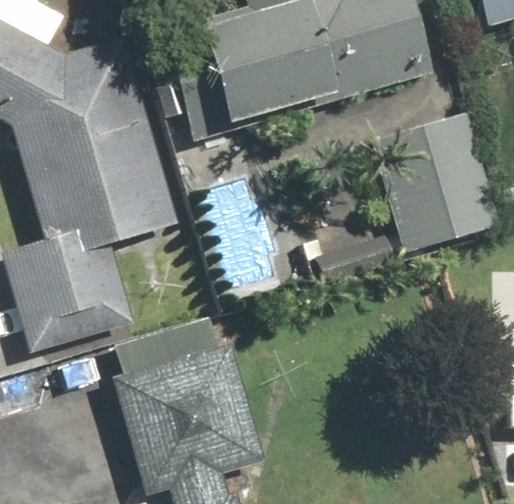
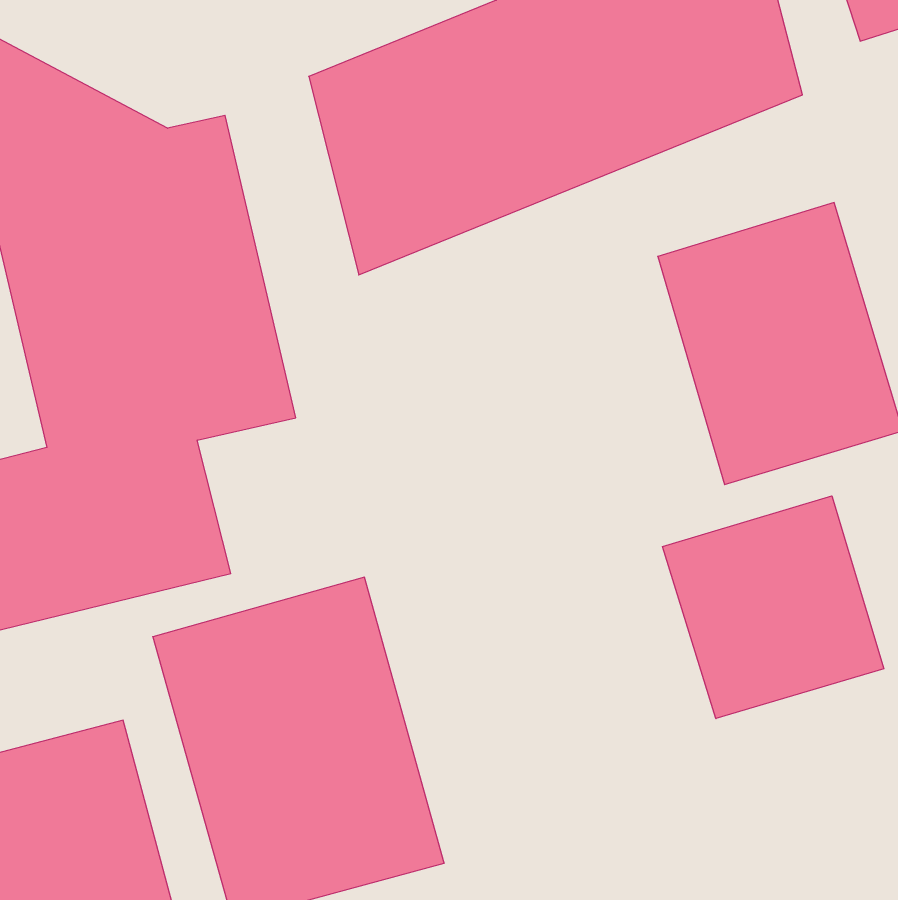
building: none -> [662,496,884,719]

